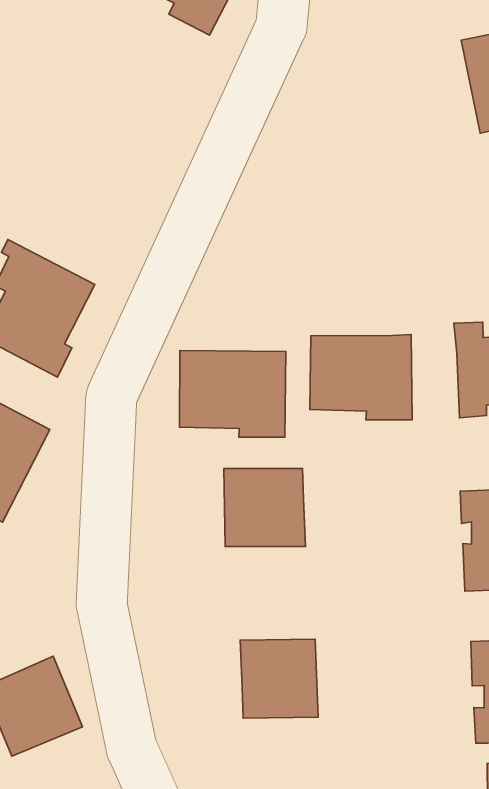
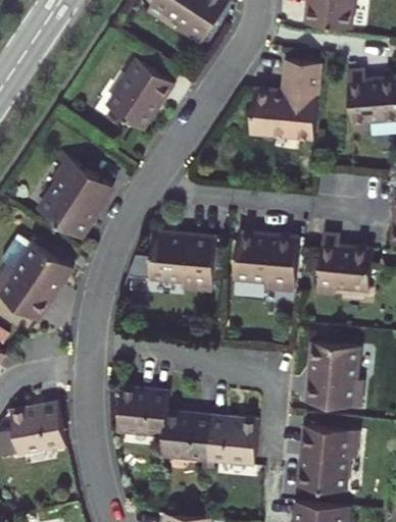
building: none -> [251,63,323,143]
building: none -> [110,53,180,126]
building: [224,468,305,547] -> [114,384,167,438]
building: none -> [205,416,256,468]

